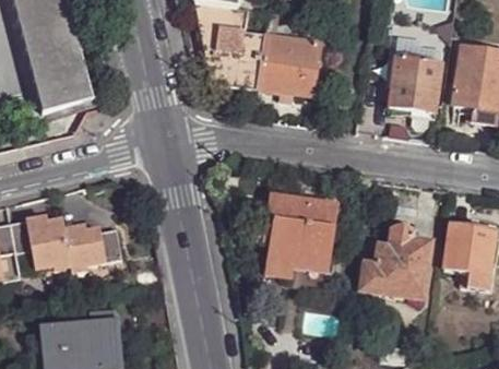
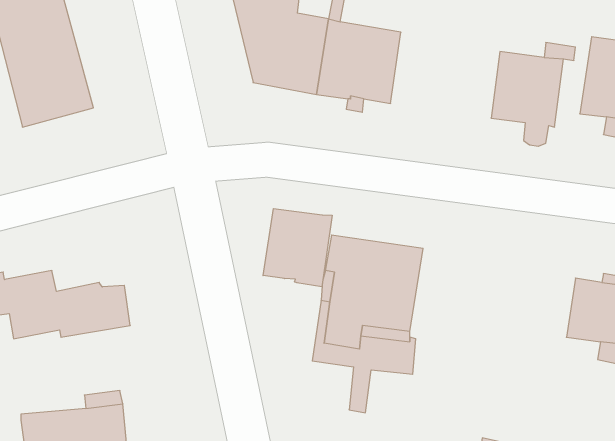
building: none -> [263,209,332,287]
building: [359,224,431,298] -> none

